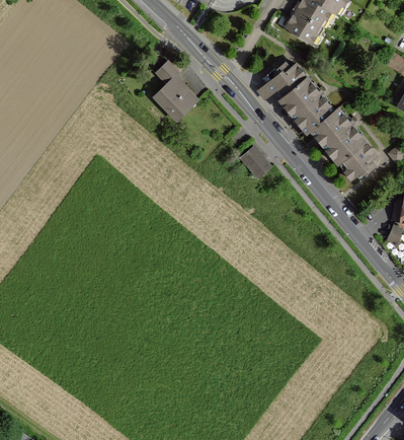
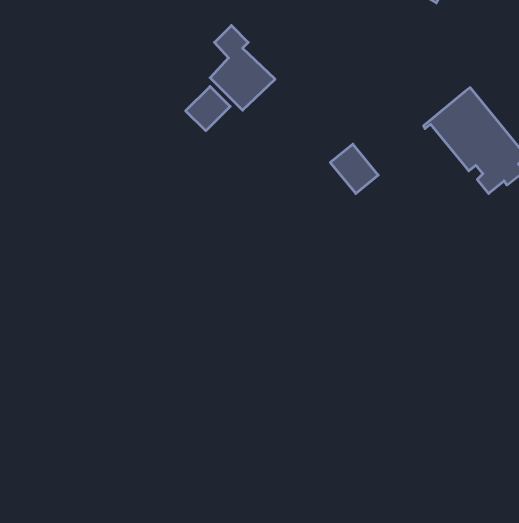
building: [255,61,333,132] -> none
building: none -> [186,86,230,131]

